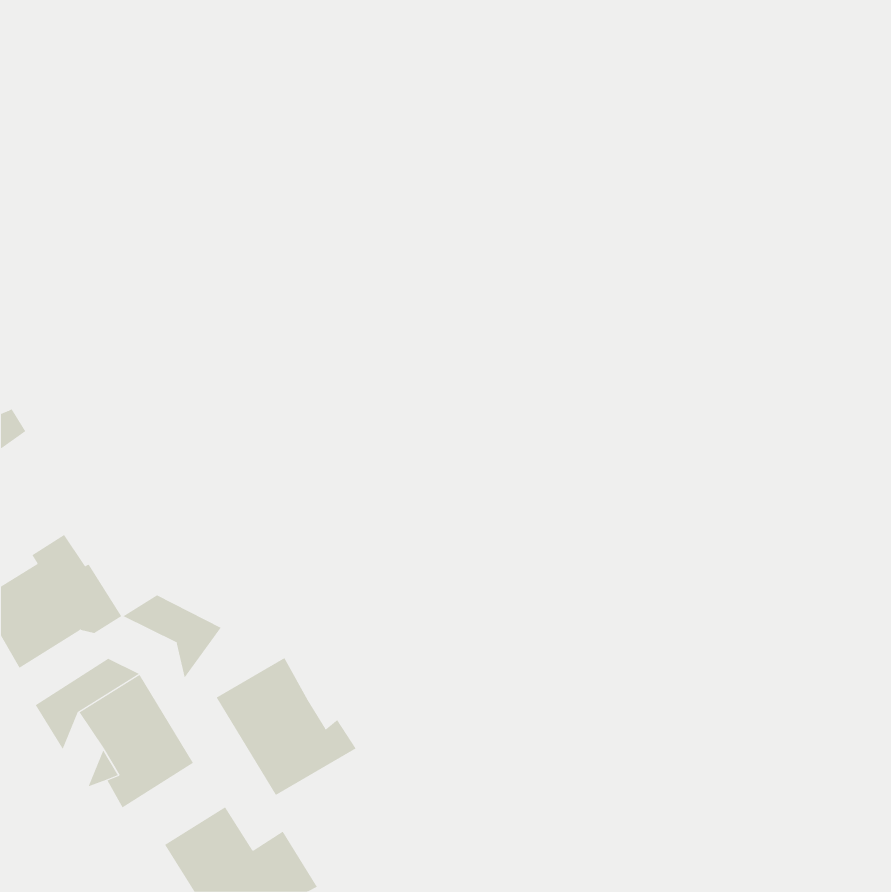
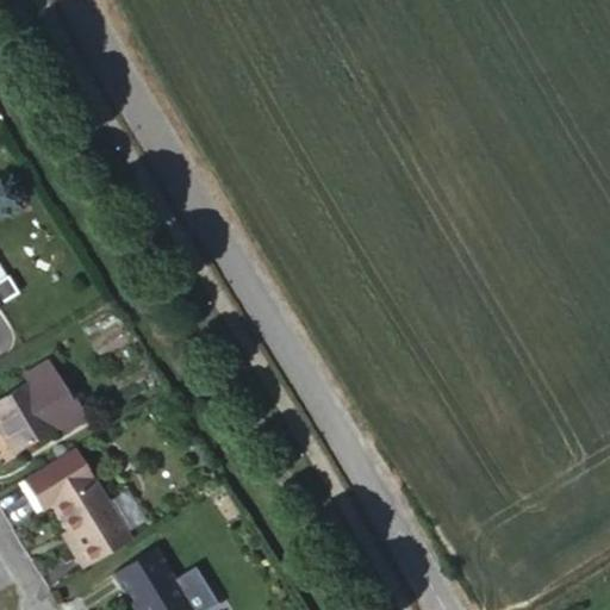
building: [122,594,221,678] -> none
building: [216,657,357,796] -> none

